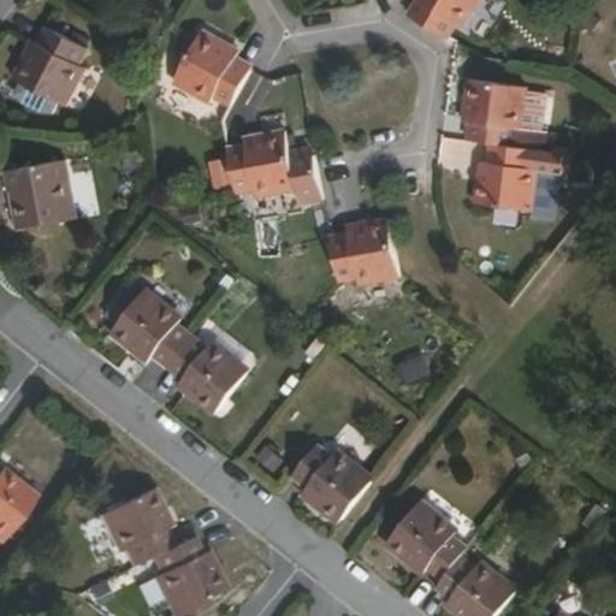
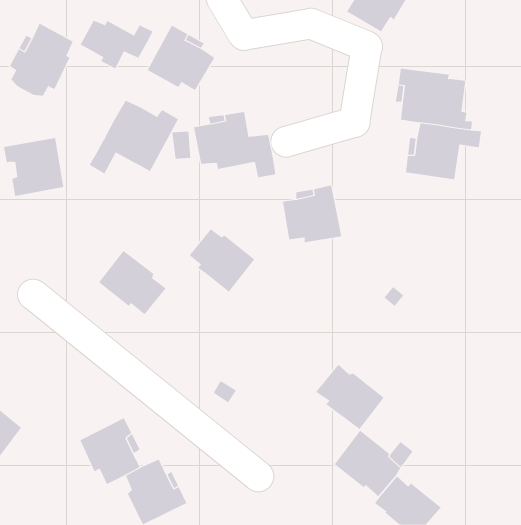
building: none -> [80,20,153,69]
building: none -> [89,100,179,174]
building: [168,336,245,410] -> [189,228,255,293]
building: [290,442,371,519] -> [315,364,385,430]

